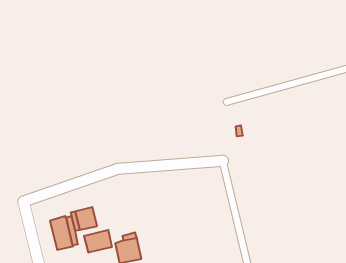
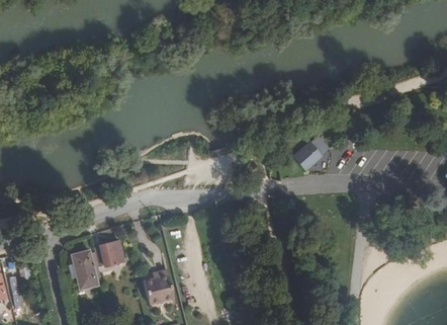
building: none -> [292,140,323,169]
building: [84,230,112,253] -> none

